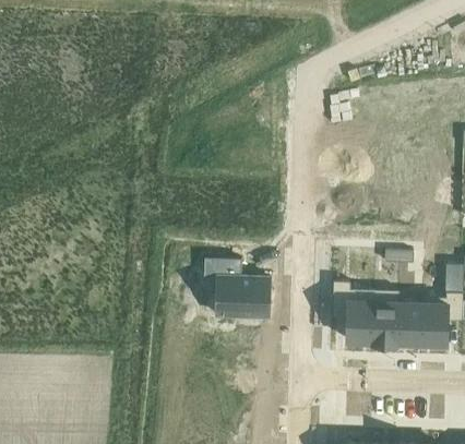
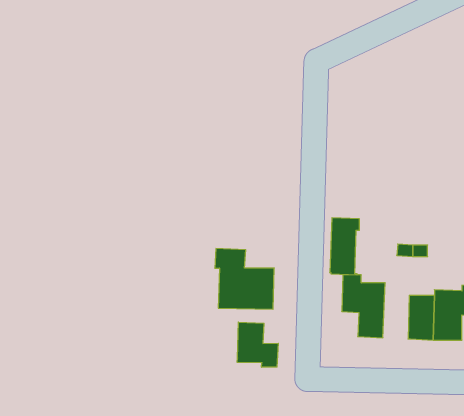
building: [371,292,400,347] -> [330,218,359,275]
building: none -> [237,322,278,367]

